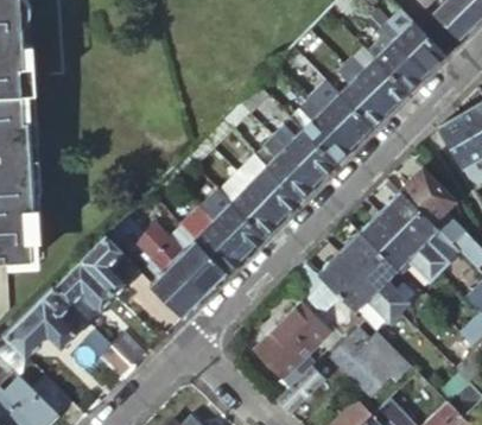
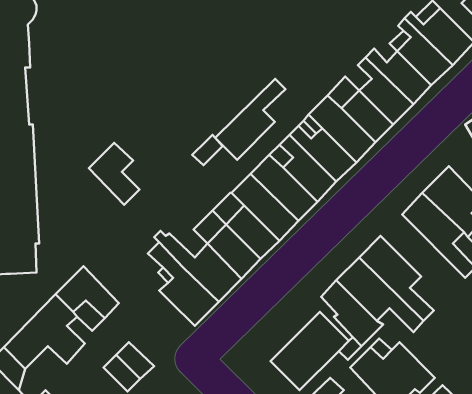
building: none -> [215,79,286,160]
building: [359,211,438,280] -> none
building: [80,236,127,294] -> [89,143,139,205]

